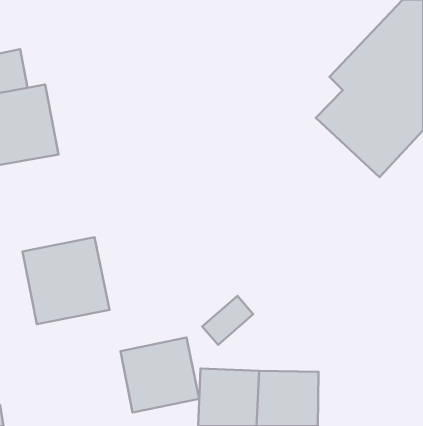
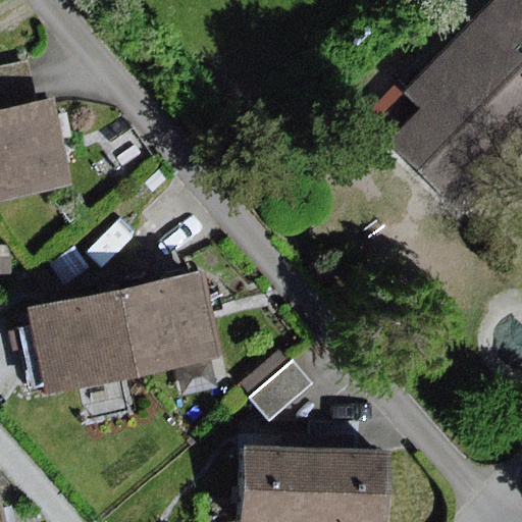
building: none -> [115,272,220,378]
building: [121,338,199,413] -> none

